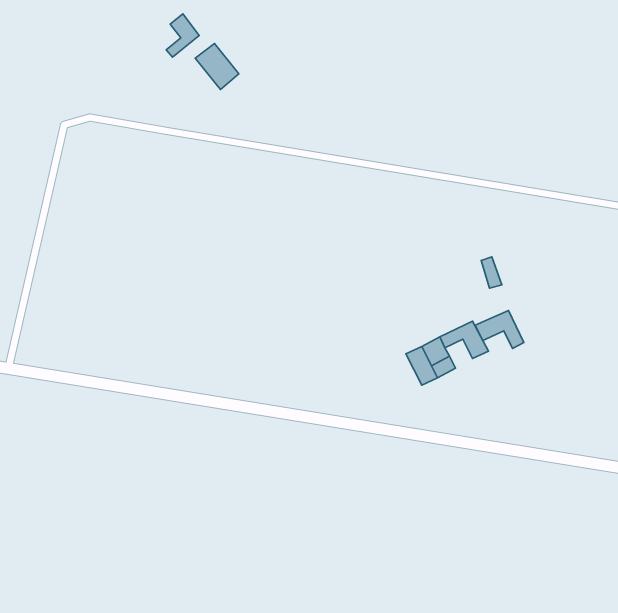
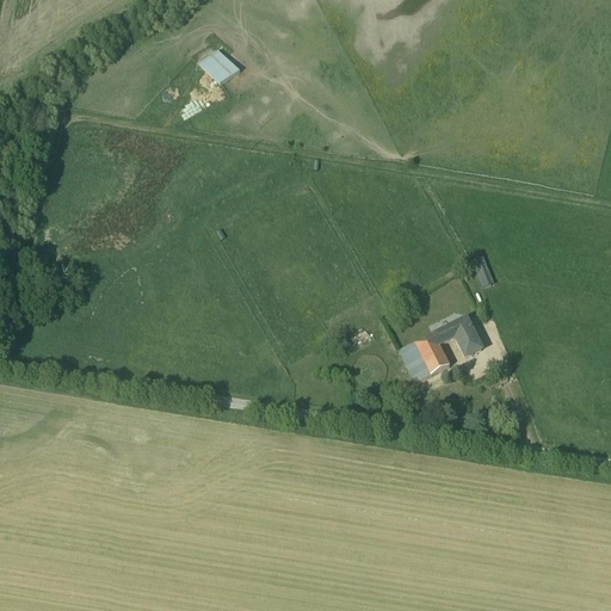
building: [166,14,199,57] -> none
building: [475,310,524,348] -> none

